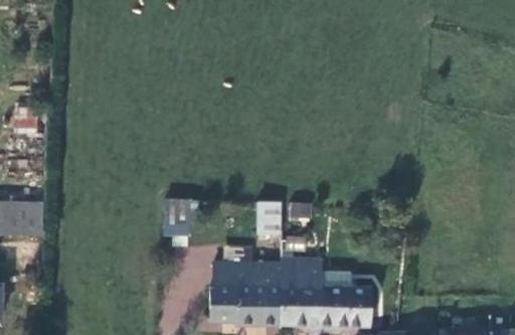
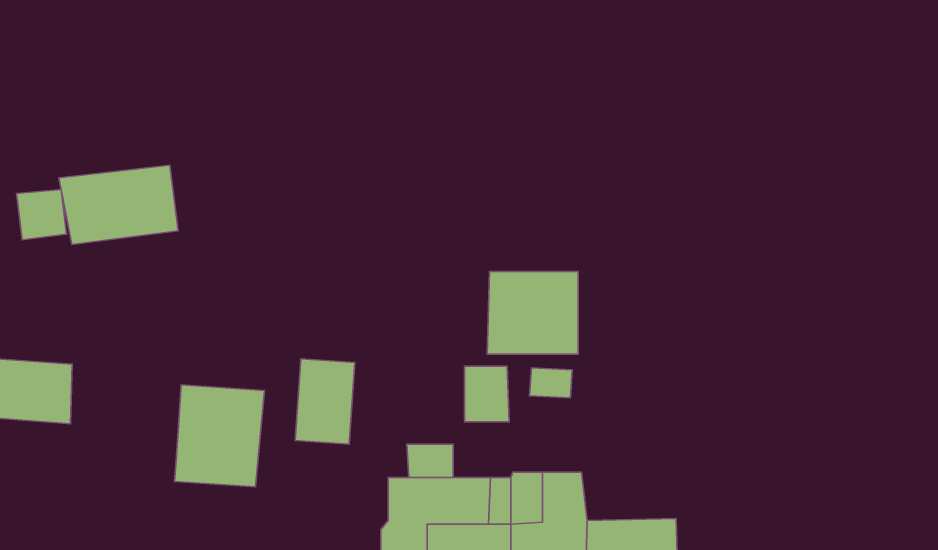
building: none -> [59,165,178,245]
building: none -> [487,271,578,354]
building: none -> [175,385,264,487]

